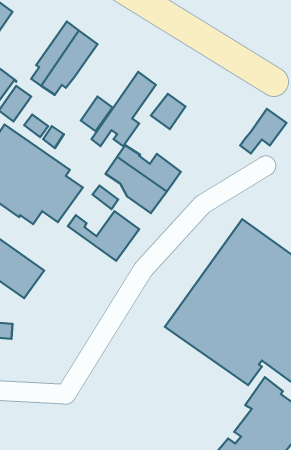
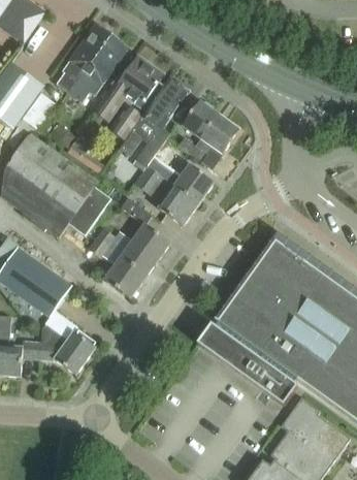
building: none -> [93,57,162,122]
building: [240,109,287,153] -> [190,115,238,161]
building: none -> [88,239,145,298]
building: none -> [39,324,95,374]

